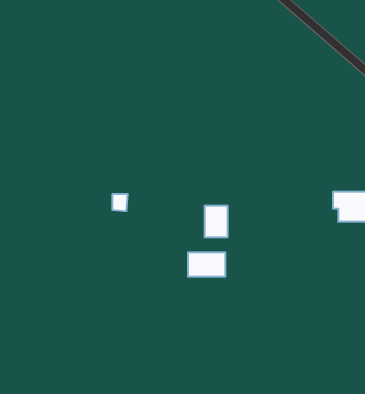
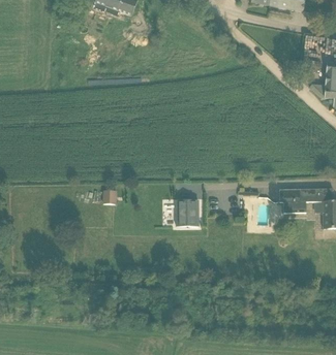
building: [188,252,225,277] -> none

